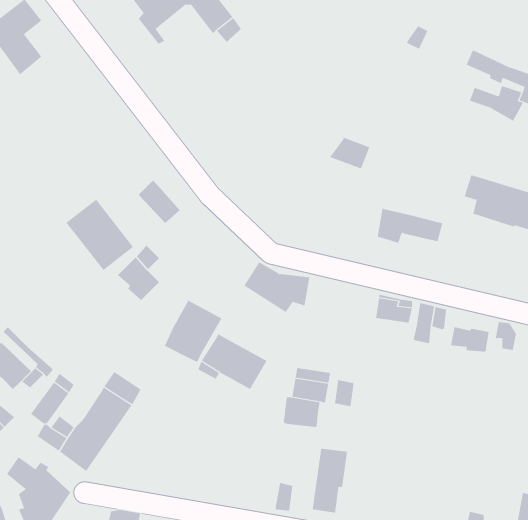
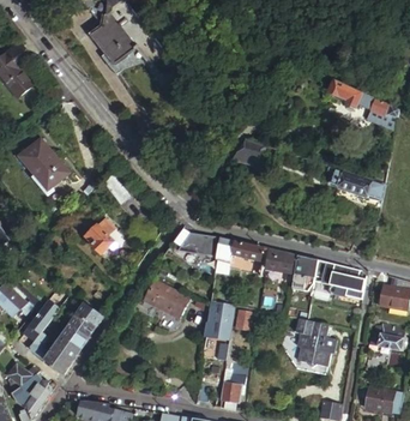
building: [66,199,134,271] -> [23,138,71,188]
building: [377,208,443,244] -> [217,236,264,261]
building: [164,300,222,363] -> none
building: none -> [295,317,333,373]

